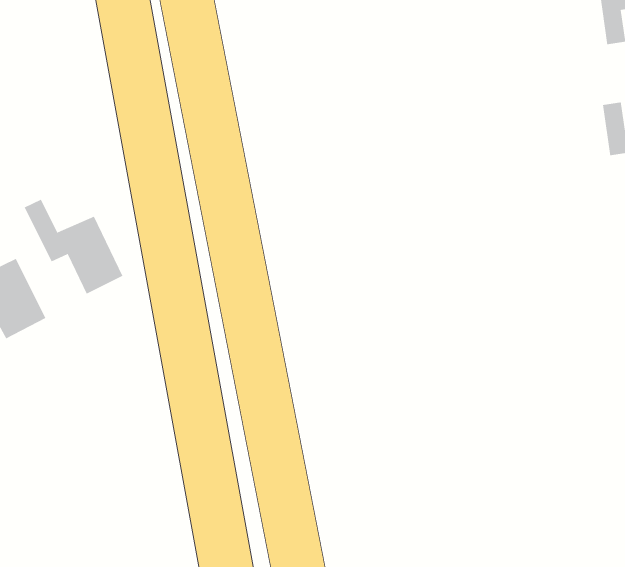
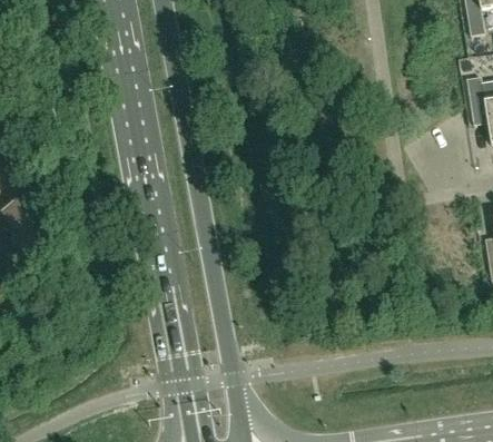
building: [24,199,123,294] -> none

